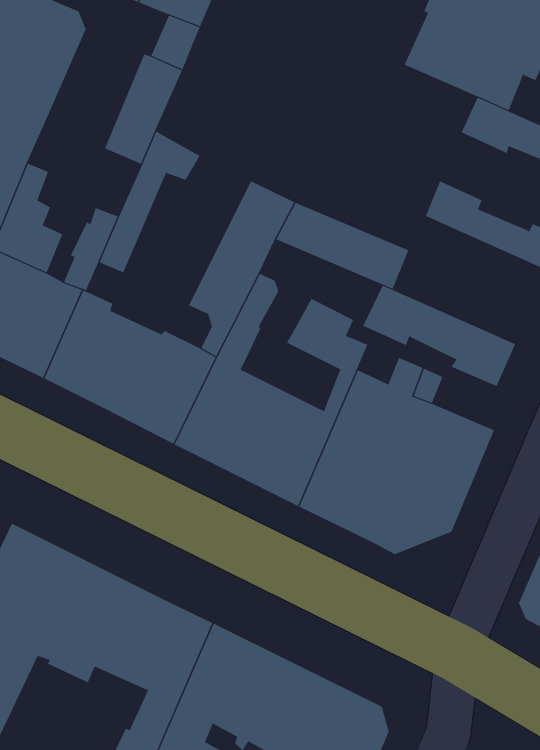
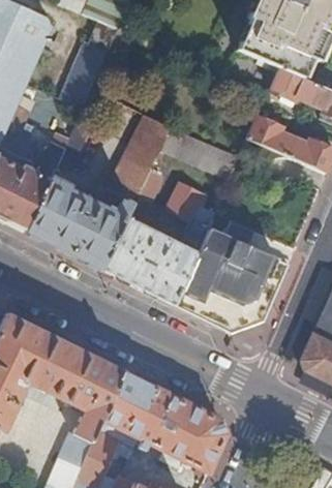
building: [362,285,516,387] -> none

